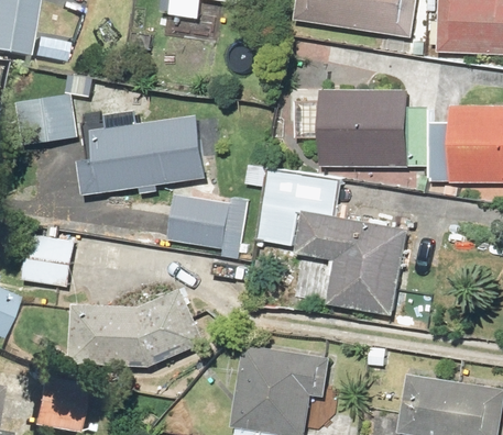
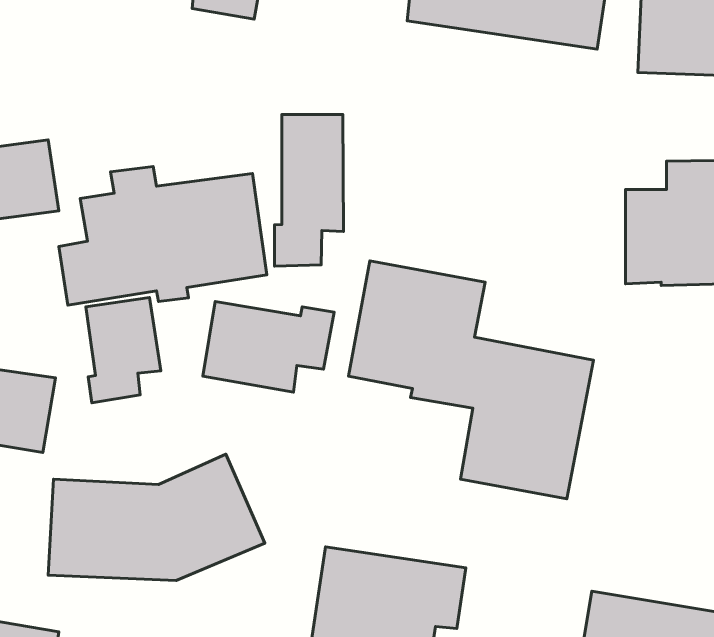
building: none -> [275,114,344,266]
building: [294,89,428,167] -> none
building: none -> [86,298,161,403]

